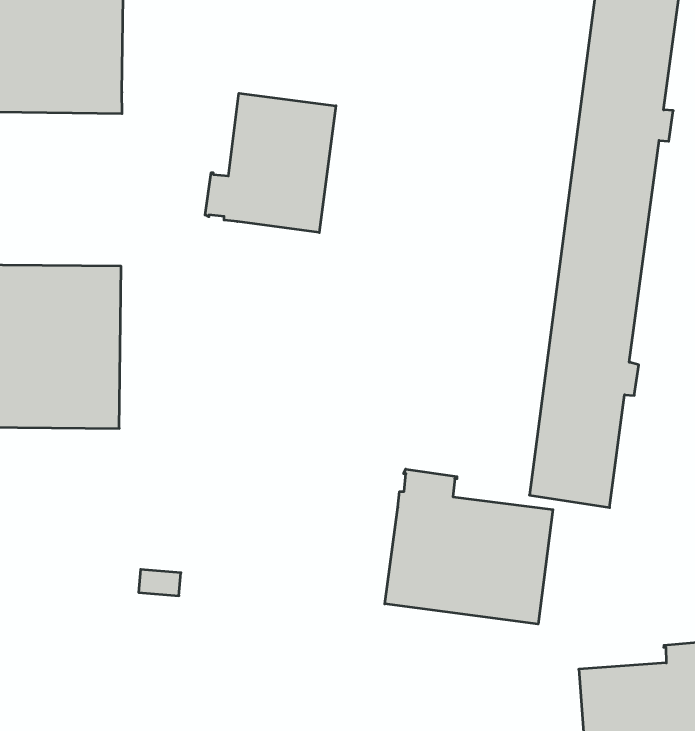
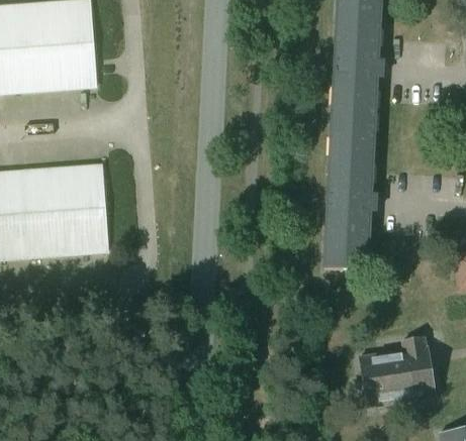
building: [205,93,336,233] -> none
building: [385,469,553,624] -> none

